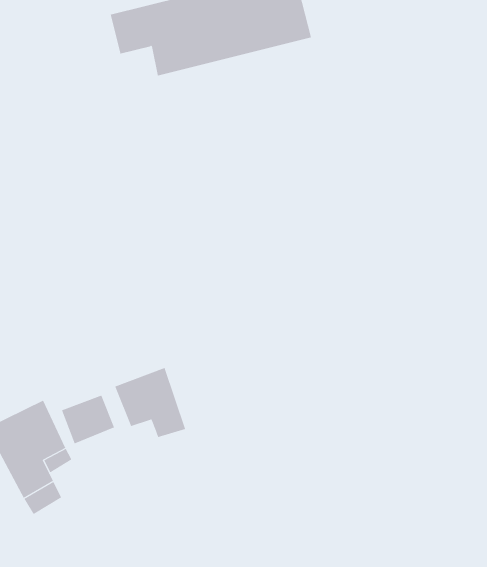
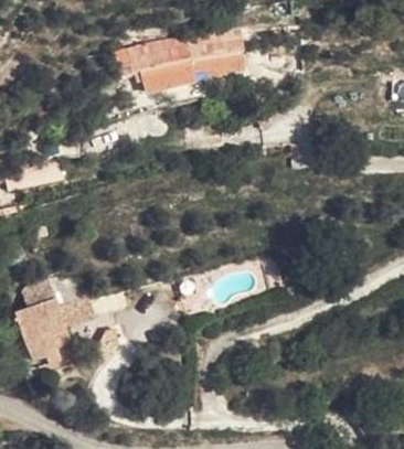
building: [114,367,186,438] -> none

